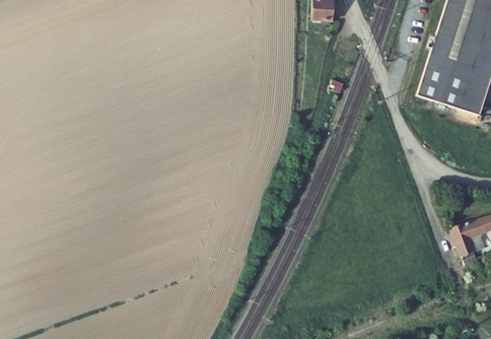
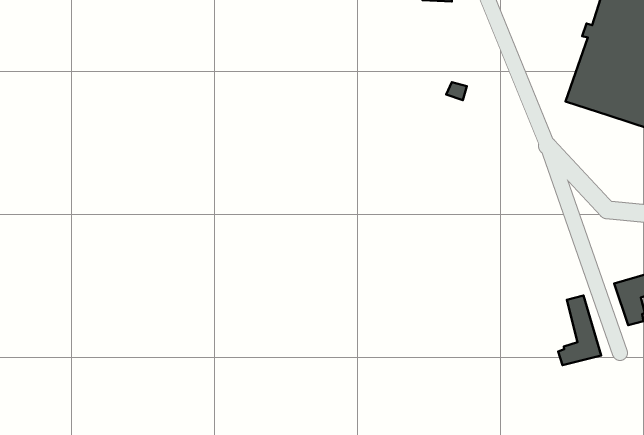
building: none -> [558,295,601,365]

